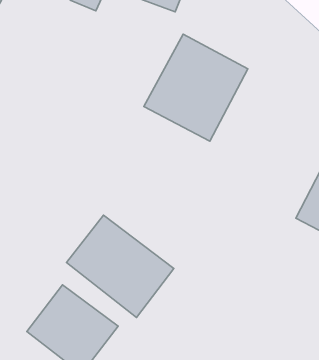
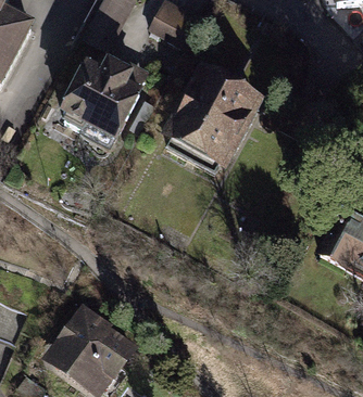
building: none -> [55,53,148,138]
building: [67,215,174,317] -> none

